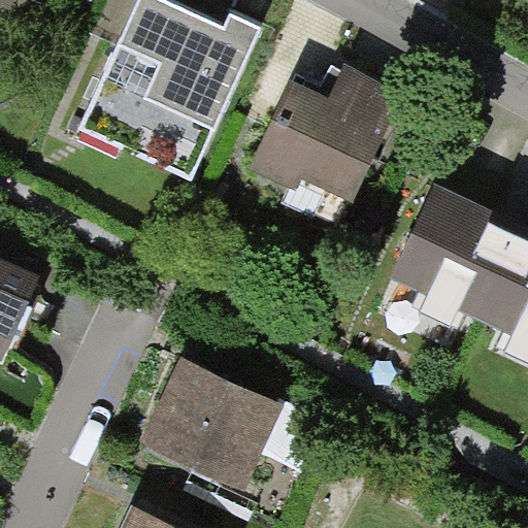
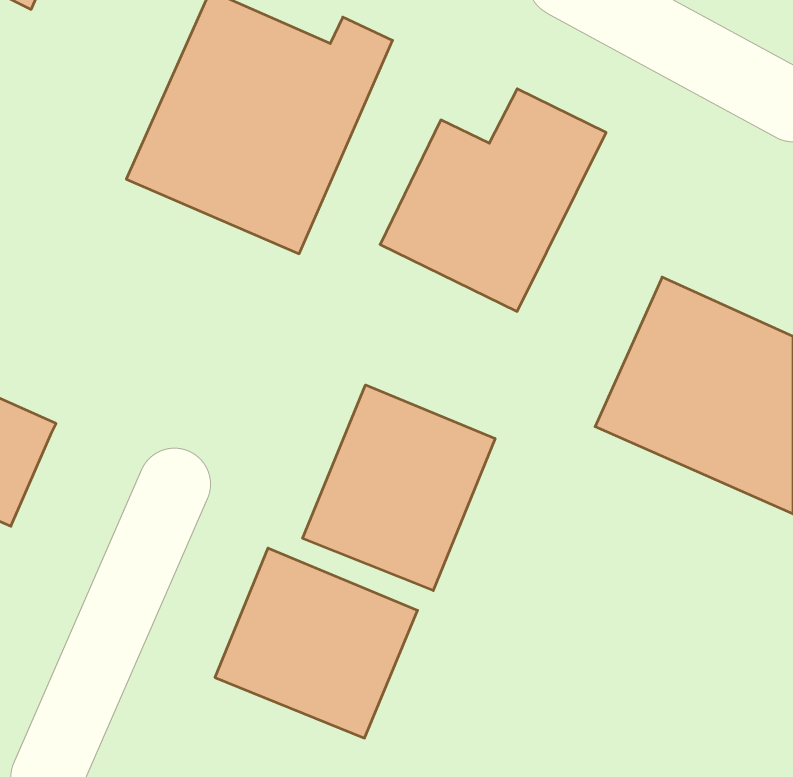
building: none -> [303,385,495,591]

